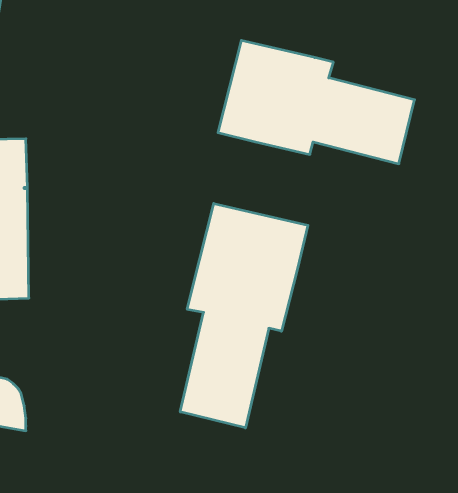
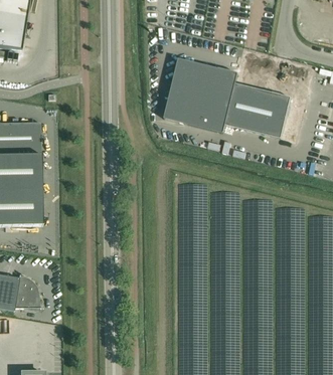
building: [180,203,308,428] -> none

